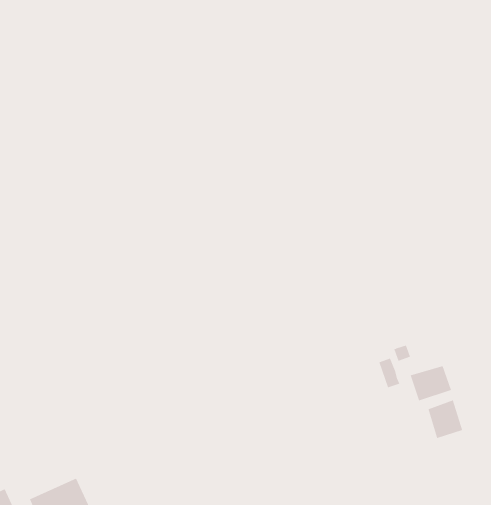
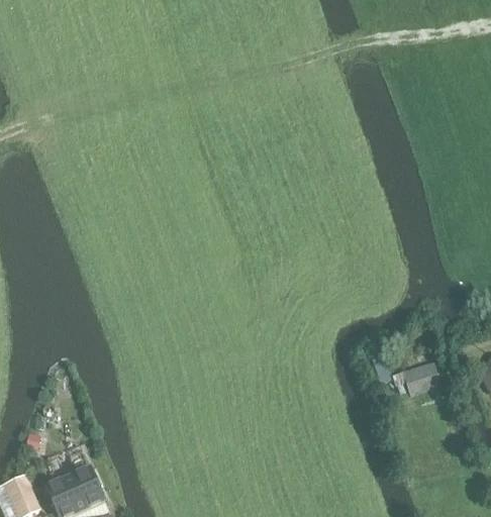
building: [428,399,463,439] -> none

